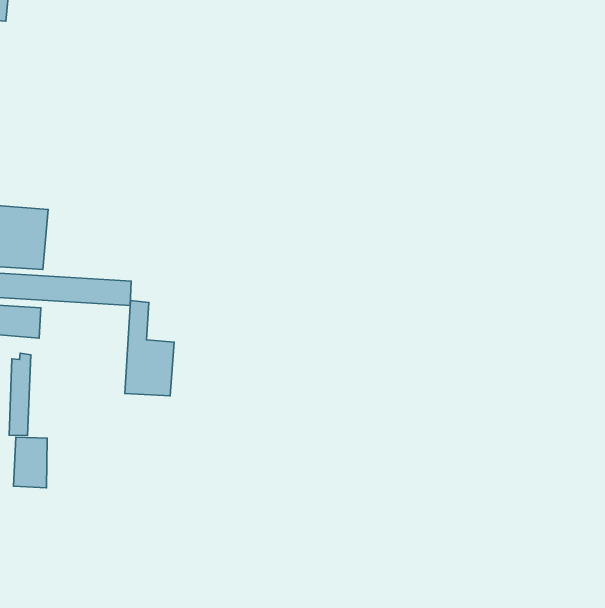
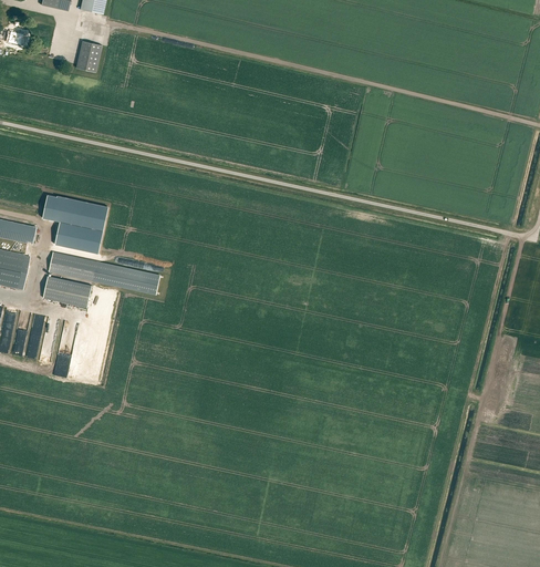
building: [125,301,174,396] -> none
building: [14,437,47,488] -> none

